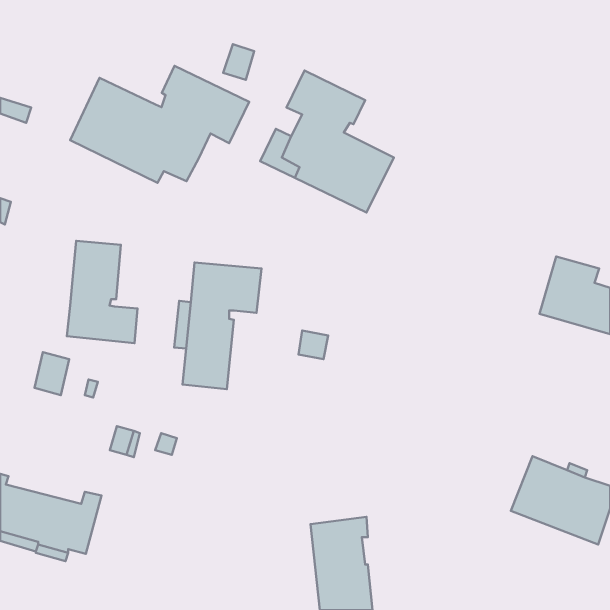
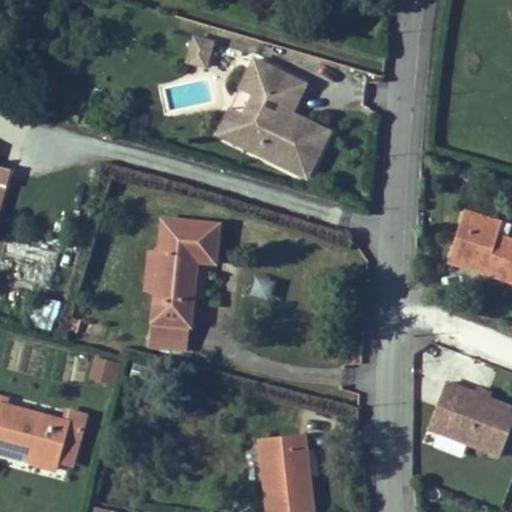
building: [70,66,249,183] -> none
building: [67,241,137,343] -> none
building: none -> [151,322,190,349]

